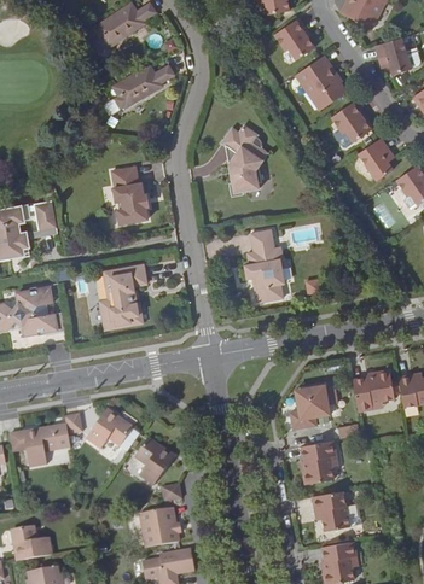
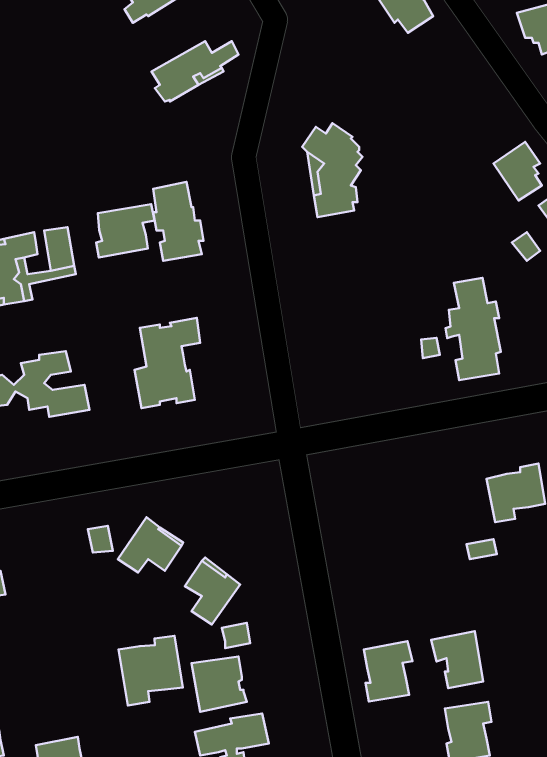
building: [295,56,347,110] -> none
building: [331,100,371,142] -> none
building: none -> [96,204,155,258]
building: [243,230,283,304] -> [446,278,501,380]
building: [291,384,331,430] -> none
building: [11,427,59,467] -> none
building: [302,440,337,484] -> [364,641,412,701]
building: none -> [118,636,183,705]
building: [13,526,53,561] -> none

